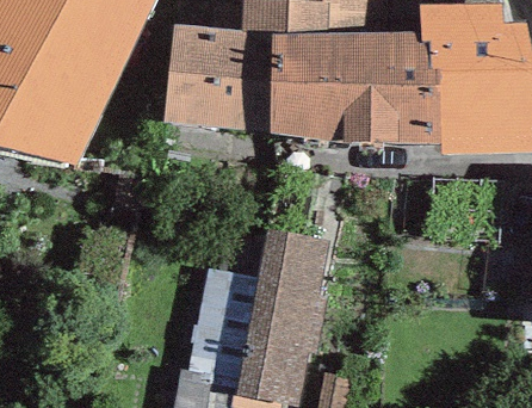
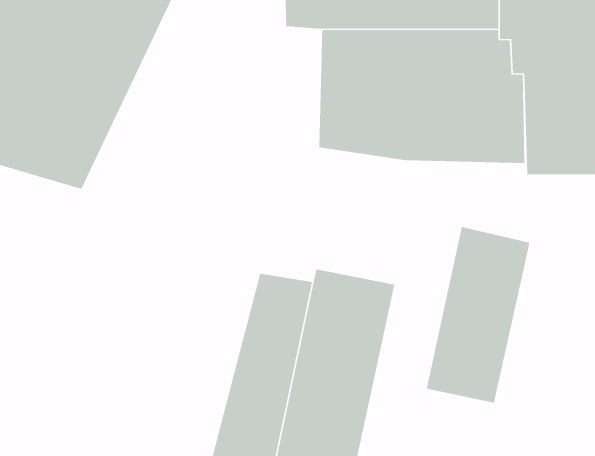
building: [167,24,273,131] -> none
building: none -> [426,226,530,403]

